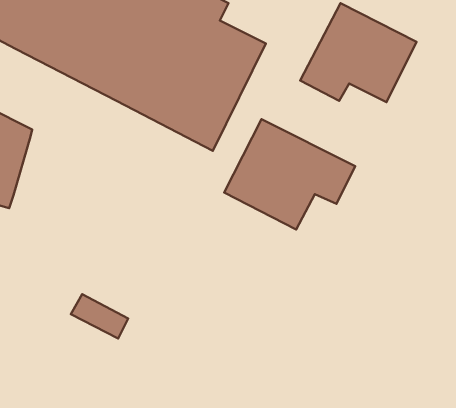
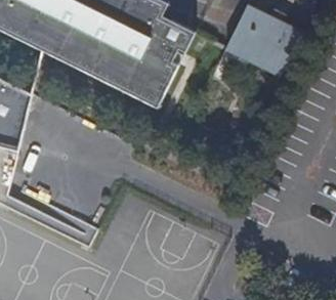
building: [224,119,355,230] -> none

